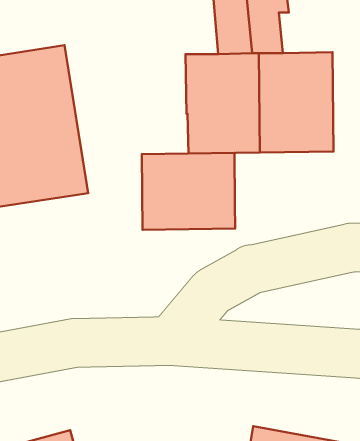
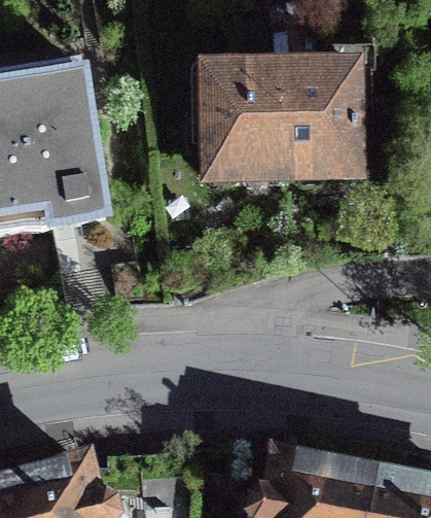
building: [142,153,235,230] -> none

